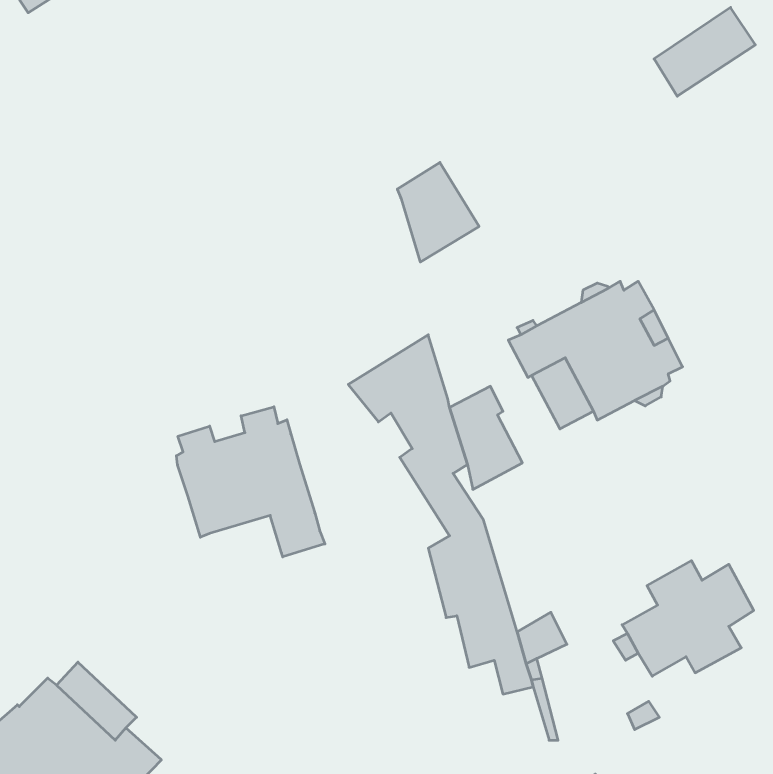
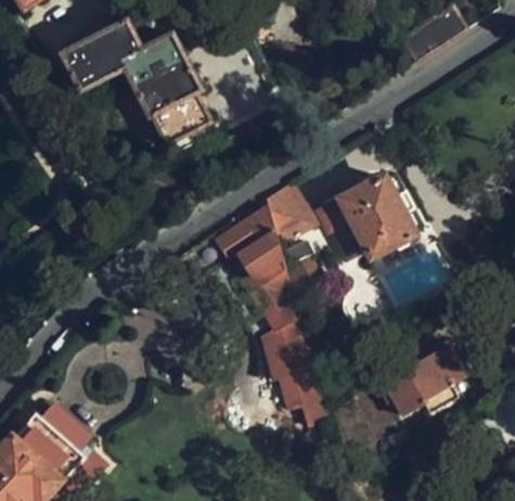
building: none -> [57,21,208,143]
building: [397,162,479,262] -> [261,184,311,245]
building: [176,407,325,557] -> none

